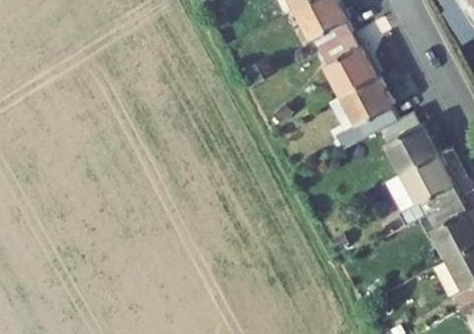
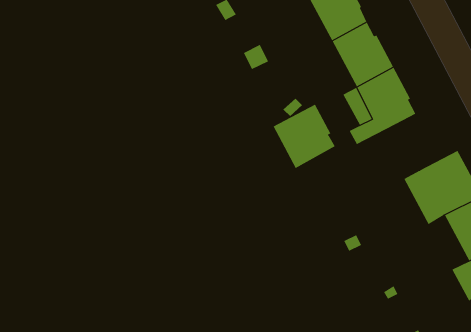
building: none -> [273,104,335,169]
building: [379,111,438,173] -> none

